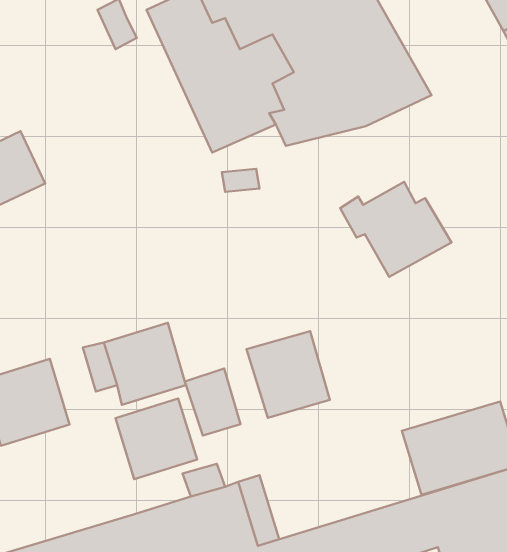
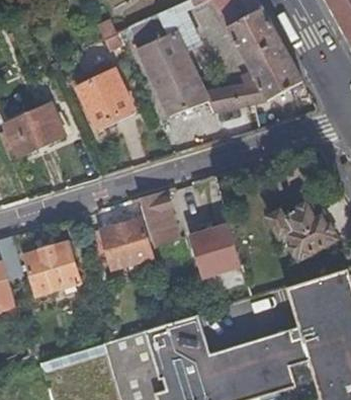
building: none -> [78,72,134,128]
building: [340,182,452,277] -> [267,203,336,261]
building: [185,368,240,436] -> [139,191,173,233]
building: [115,398,197,479] -> none

